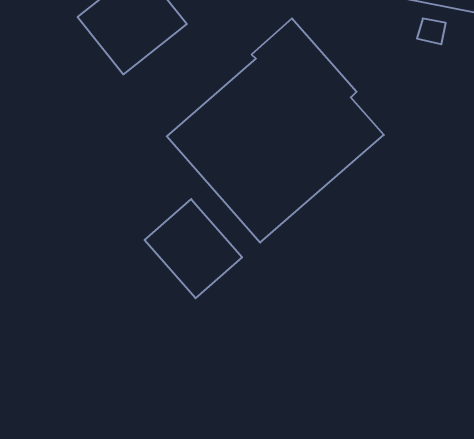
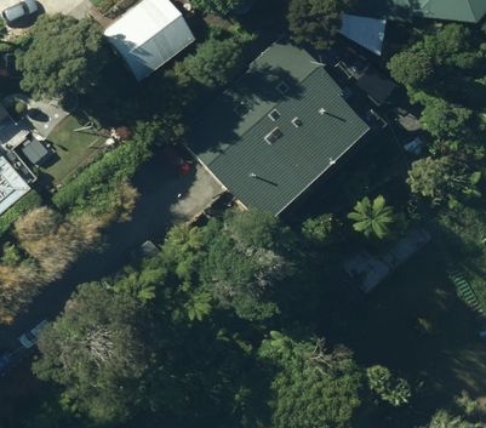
building: [145,199,242,298] -> none

